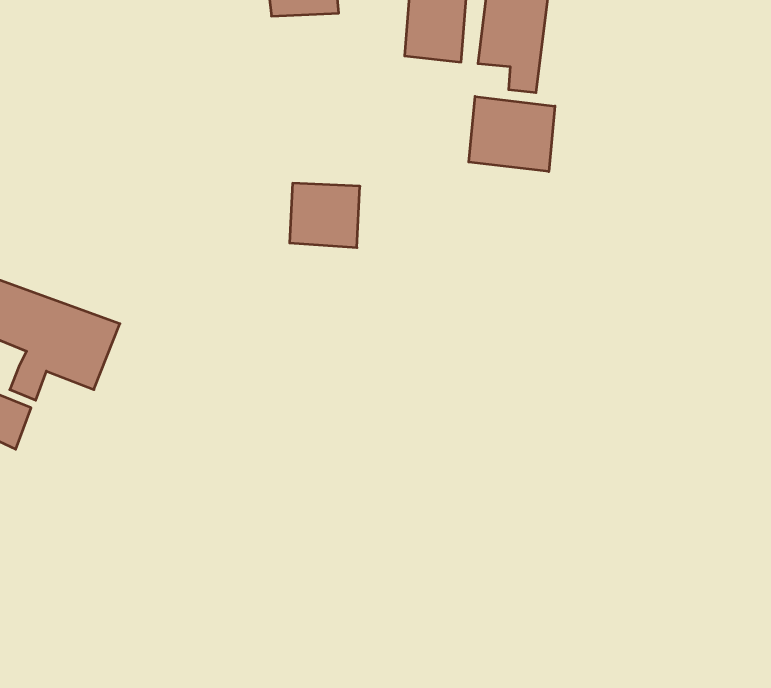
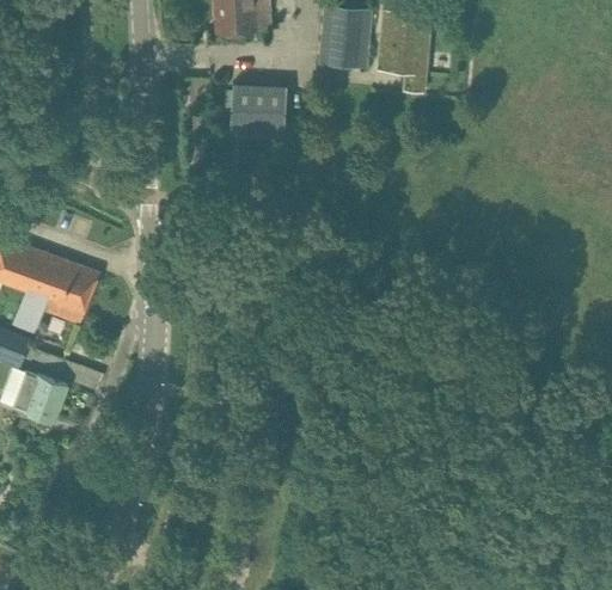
building: [469,96,555,172] -> none
building: [290,183,360,248] -> [231,85,286,135]
building: none -> [13,373,67,423]

